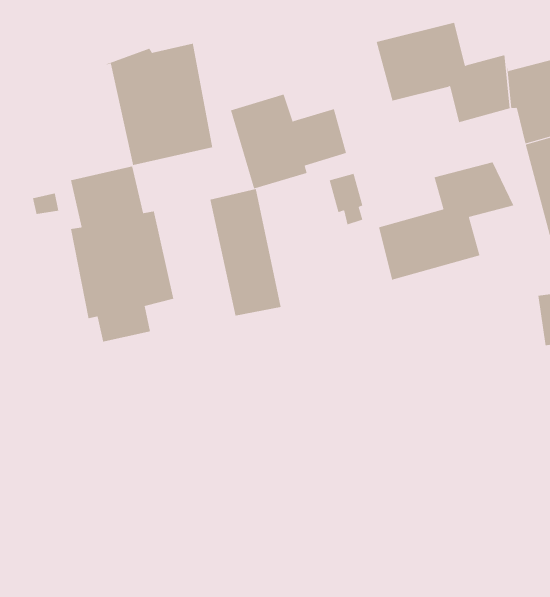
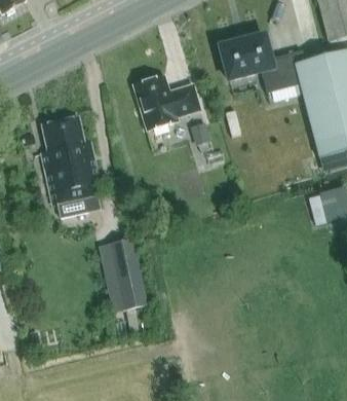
building: [92,43,213,166] -> none
building: [379,162,514,281] -> none
building: [210,189,282,316] -> [109,236,150,309]

